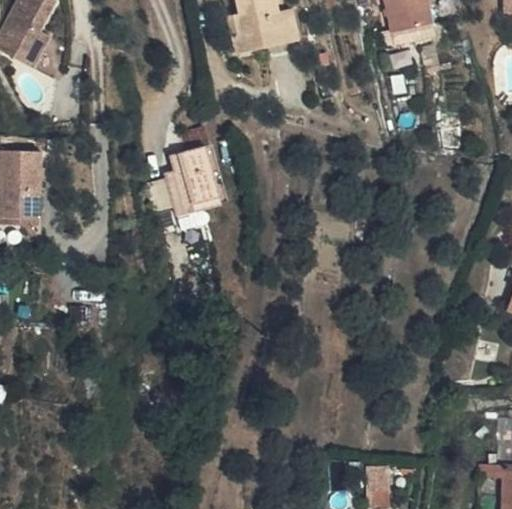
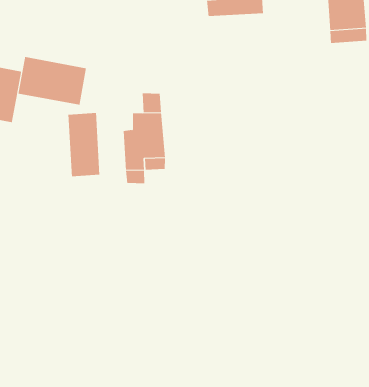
building: none -> [18,56,86,106]
building: none -> [68,112,100,177]

